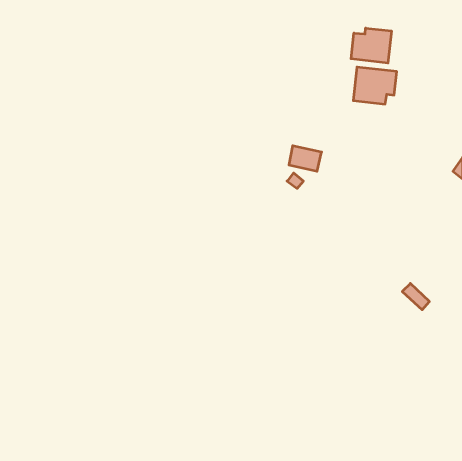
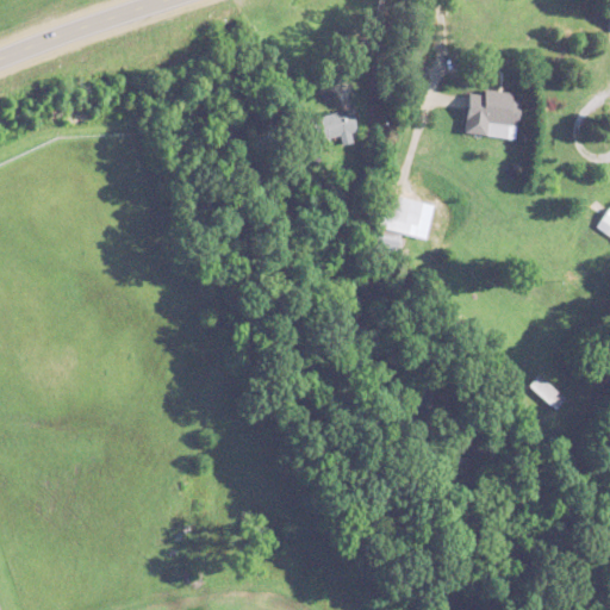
building: [351,28,391,63] -> none
building: none -> [312,107,359,145]

